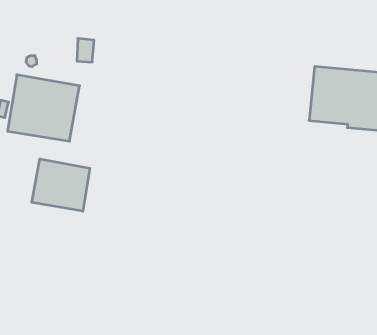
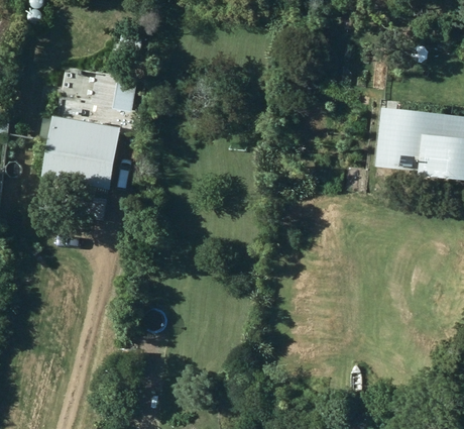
building: [32,159,90,211] -> none

